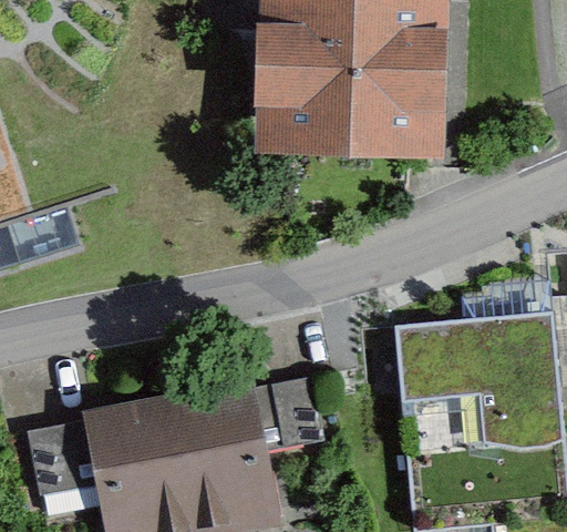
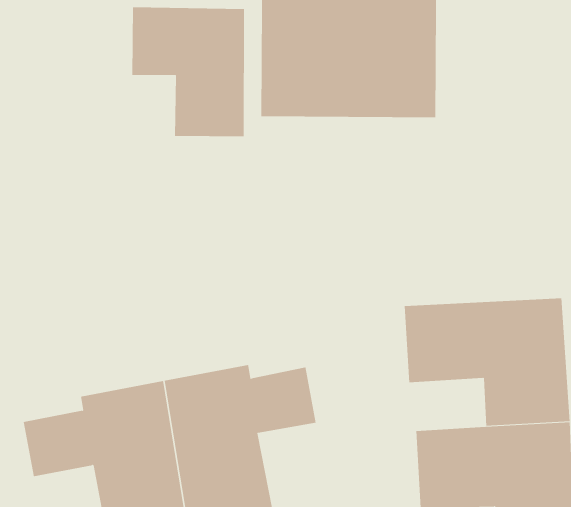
building: none -> [132,7,244,137]

